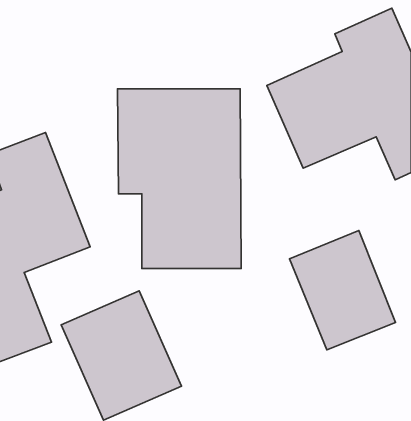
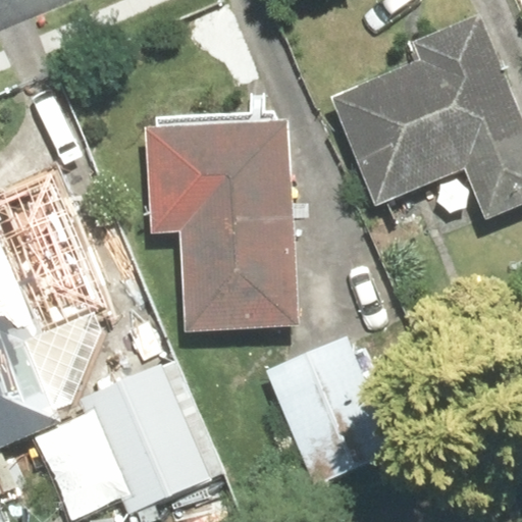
building: [289,231,395,350] -> [263,336,394,483]

